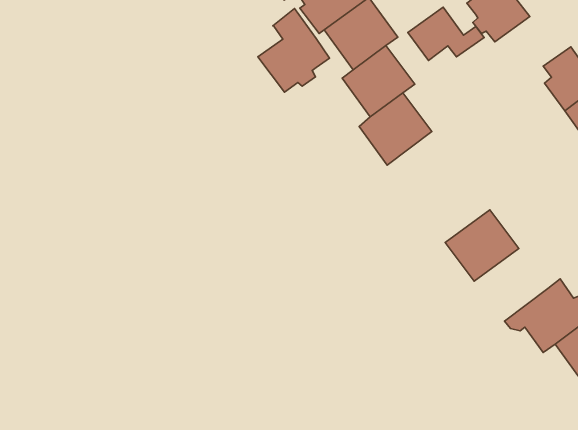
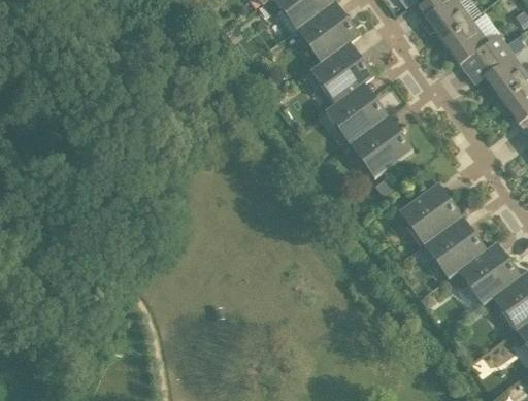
building: [408,7,484,60] -> [441,18,506,63]
building: [258,9,330,92] -> none
building: none -> [350,115,412,177]
building: none -> [424,215,487,277]

